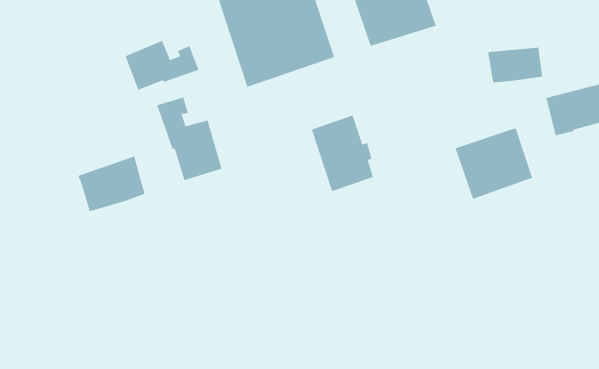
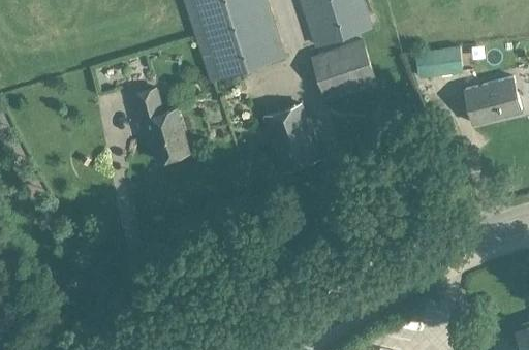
building: [124,40,200,91] -> none
building: [454,127,533,200] -> [311,39,378,101]
building: [77,155,146,212] -> none

